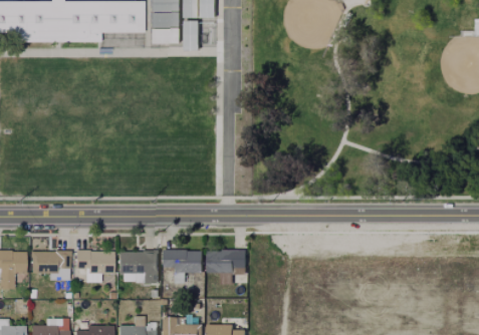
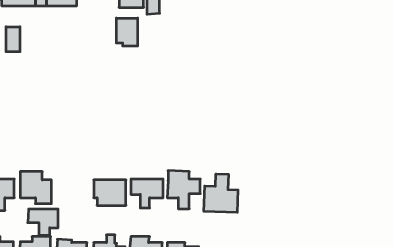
building: none -> [116,18,138,46]
building: none -> [6,27,20,52]
building: none -> [204,174,238,212]
building: [75,249,111,280] -> [28,209,58,235]

